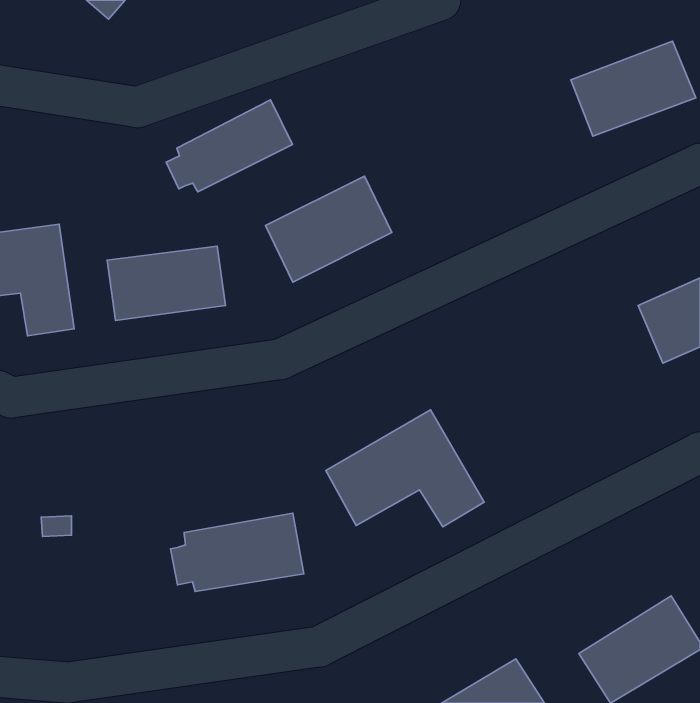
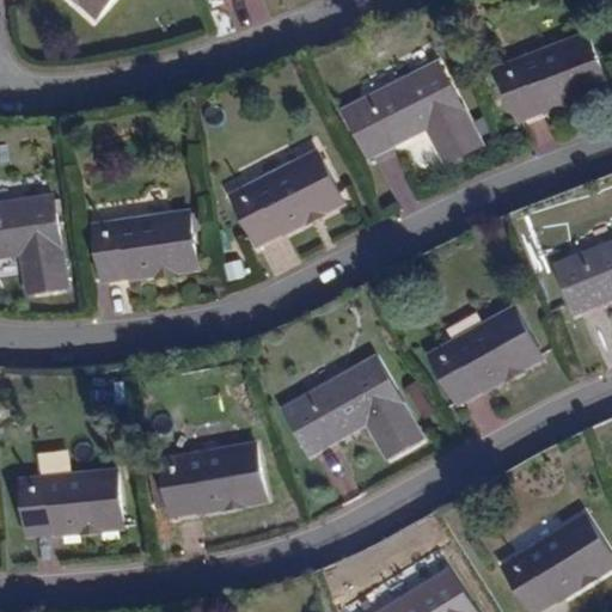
building: none -> [342,62,479,163]
building: [166,100,292,192] -> none
building: none -> [429,311,539,402]
building: none -> [20,473,121,536]

